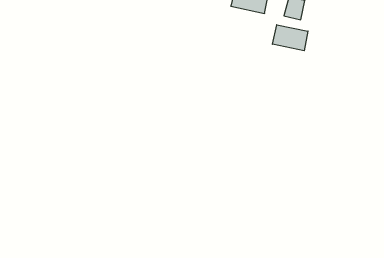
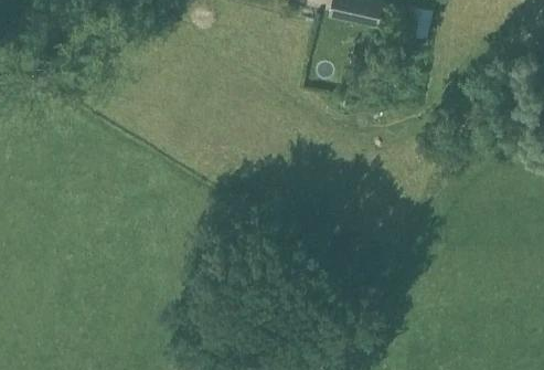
building: [272,25,308,51] -> none

